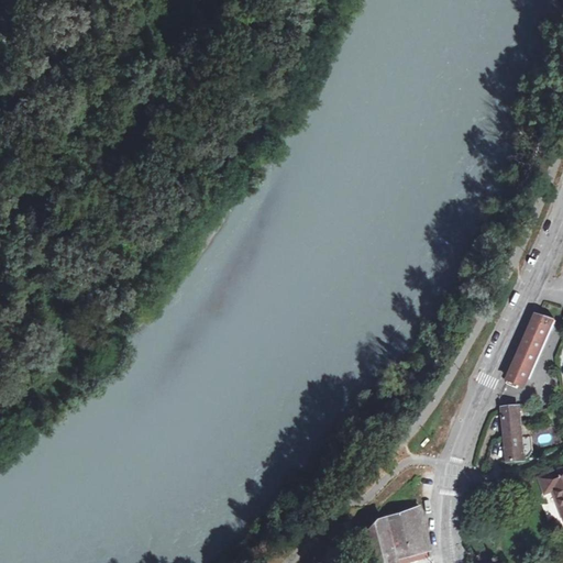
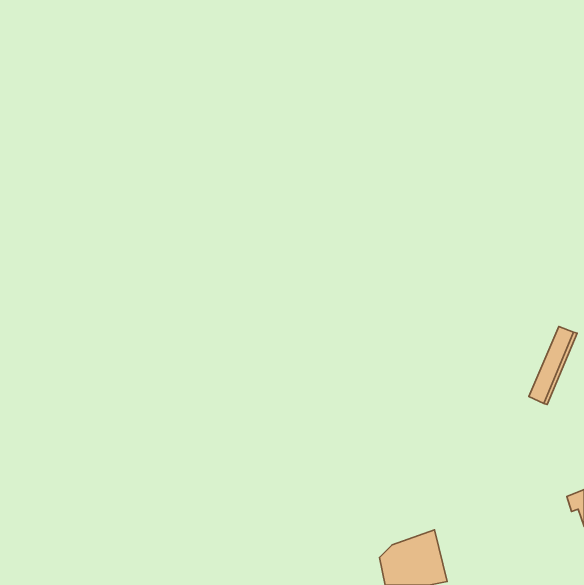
building: [503,406,525,460] -> none

